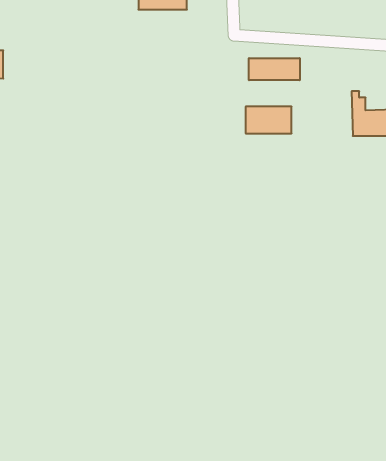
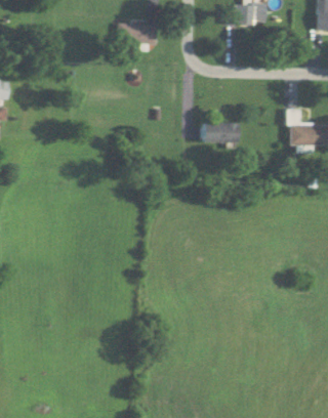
building: [249,58,300,80] -> none

